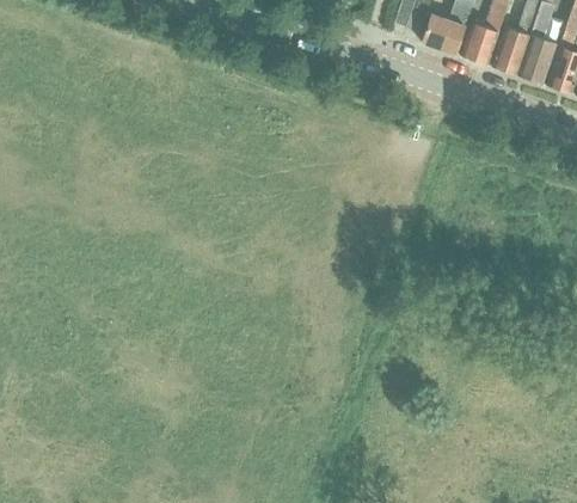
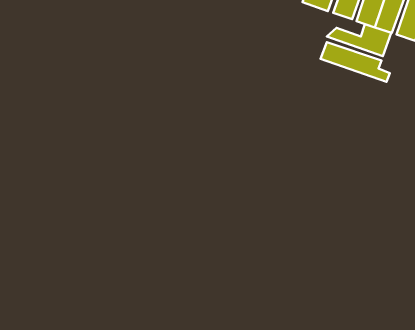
building: none -> [327,24,391,56]
building: none -> [321,42,390,82]

